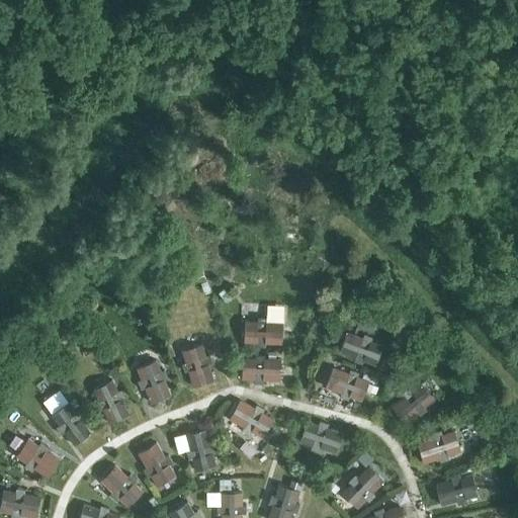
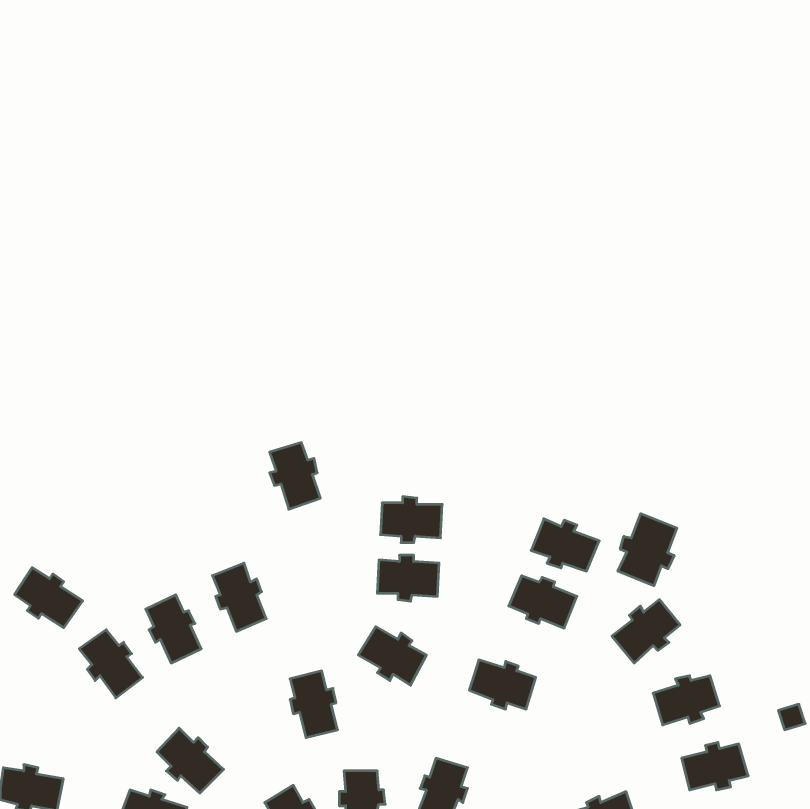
building: none -> [618,514,677,586]
building: [181,345,213,387] -> [270,443,320,509]
building: [16,439,60,478] -> [15,568,83,628]
building: [138,443,175,487] -> none
building: [342,466,383,508] -> none

